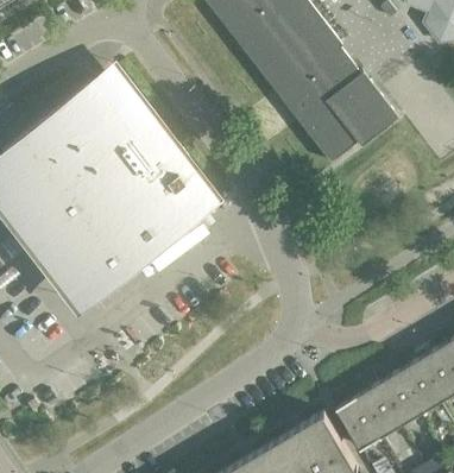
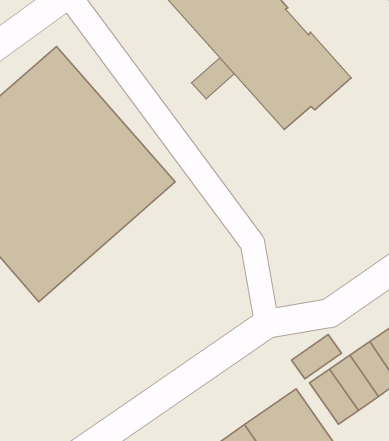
building: none -> [192,58,234,99]
building: none -> [292,335,341,379]

